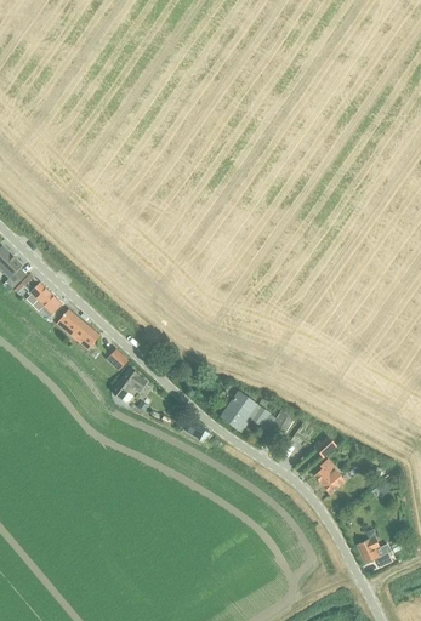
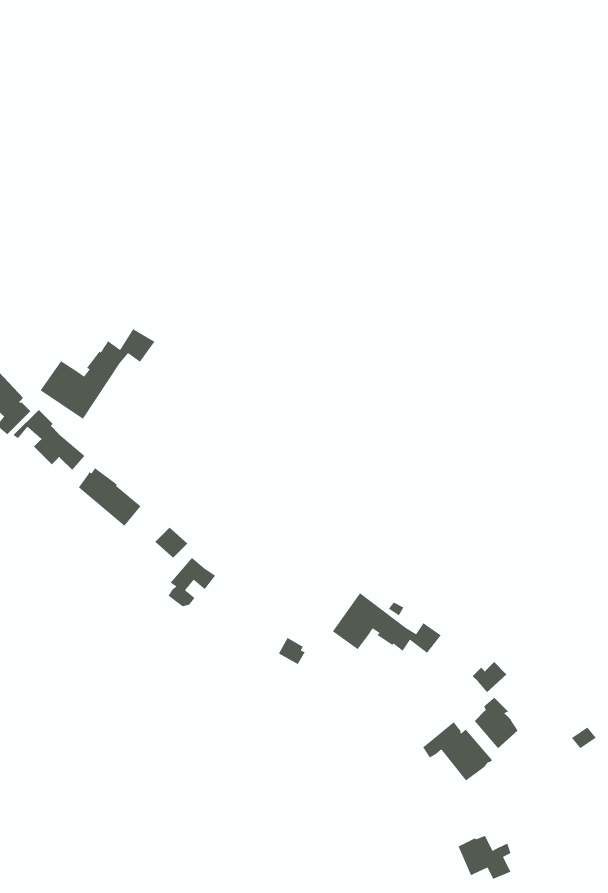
building: none -> [40,328,155,420]
building: none -> [422,721,493,781]
building: [357,537,392,566] -> [457,835,512,880]

